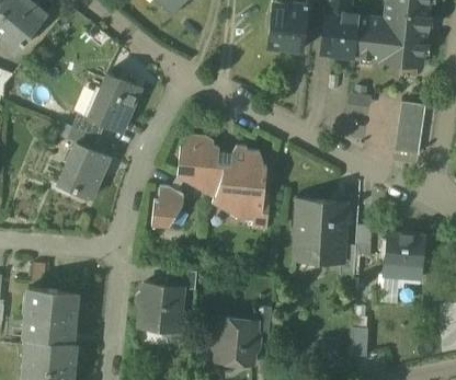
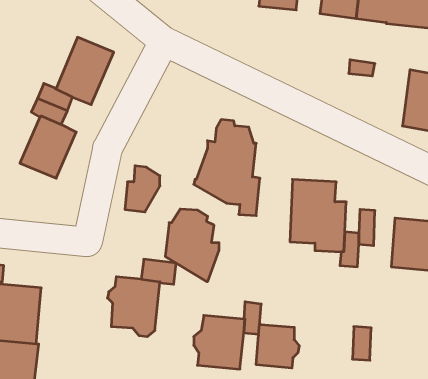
building: [176,134,224,197] -> [165,209,219,281]
building: none -> [256,324,299,368]

